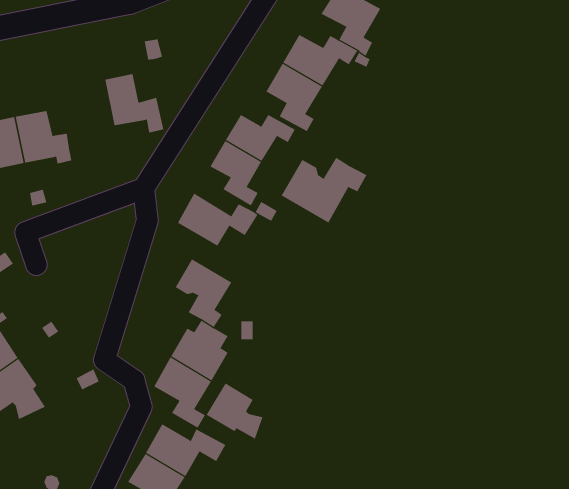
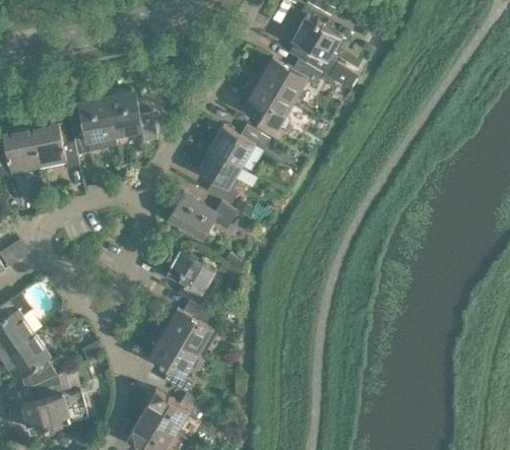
building: none -> [72,97,117,155]
building: [281,157,367,223] -> none
building: [206,383,263,440] -> none
building: none -> [23,372,87,432]

